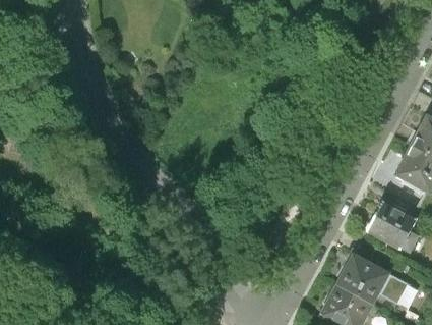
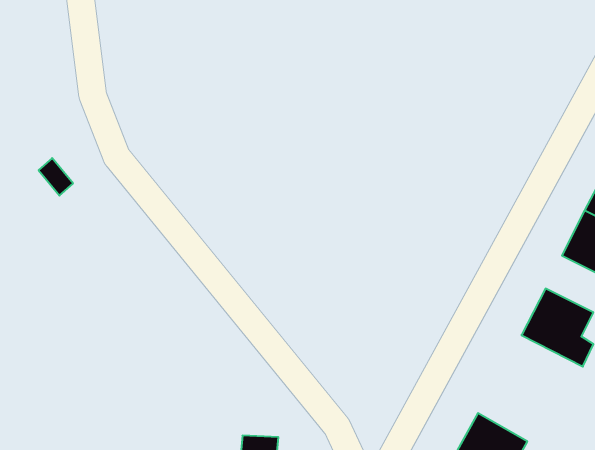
building: [335,256,407,306] -> none

